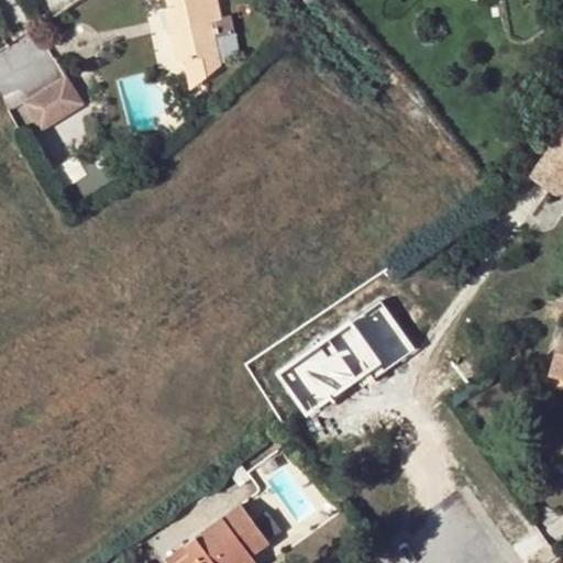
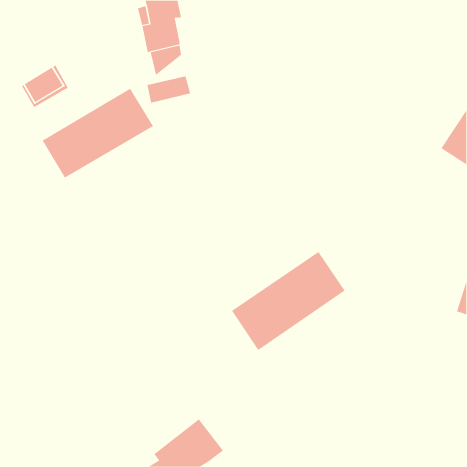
building: none -> [147,75,191,104]
building: none -> [42,88,154,178]

